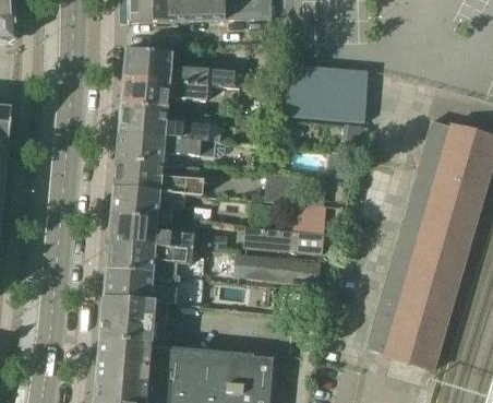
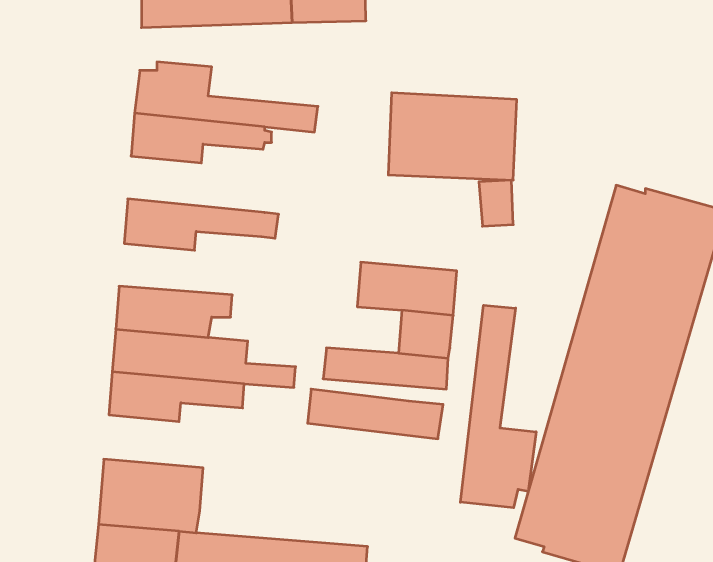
building: [119,104,207,140] -> none
building: [113,159,202,194] -> none
building: none -> [460,305,536,508]
building: [104,269,190,305] -> none

